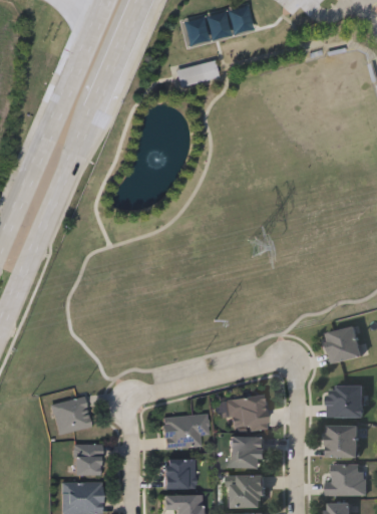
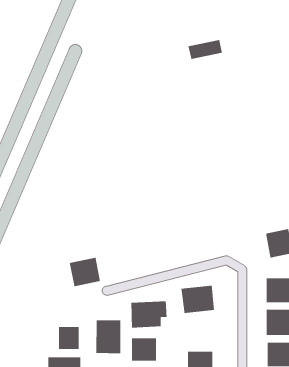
building: [177,62,221,87] -> [188,39,223,60]
building: [51,396,90,433] -> [69,257,101,287]
building: [230,436,265,467] -> none
building: none -> [96,320,121,354]

